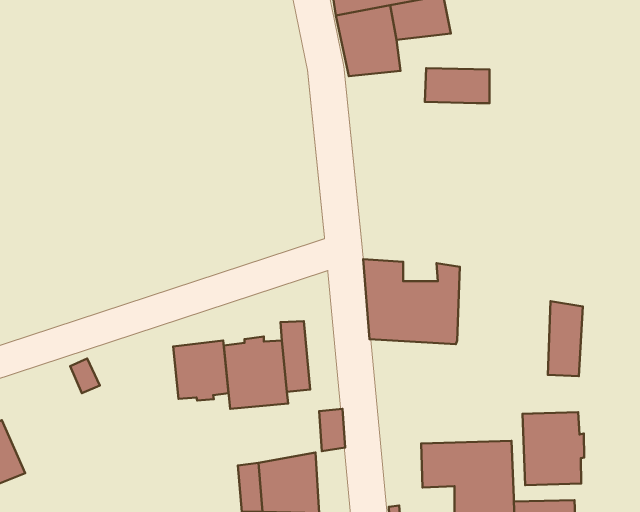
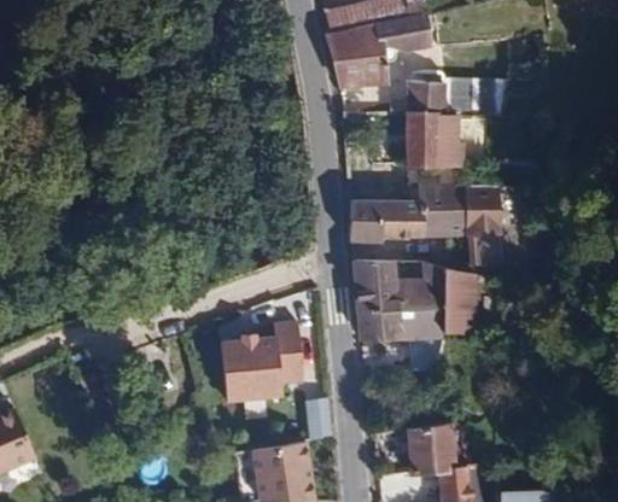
building: none -> [410,113,461,168]
building: none -> [349,187,503,267]
building: [548,301,583,376] -> [441,268,473,338]
building: [173,341,229,401] -> none
building: [523,412,584,485] -> none

